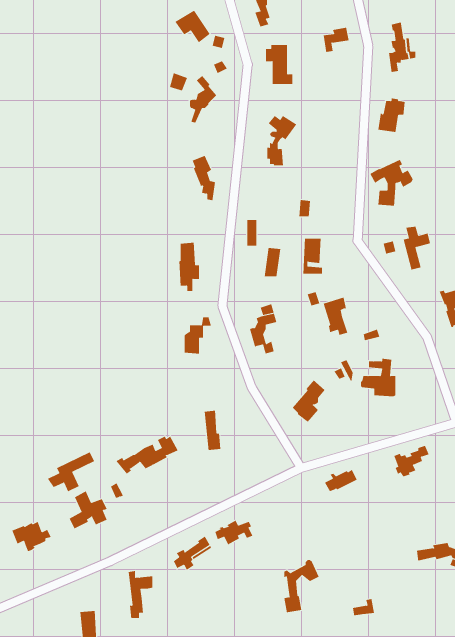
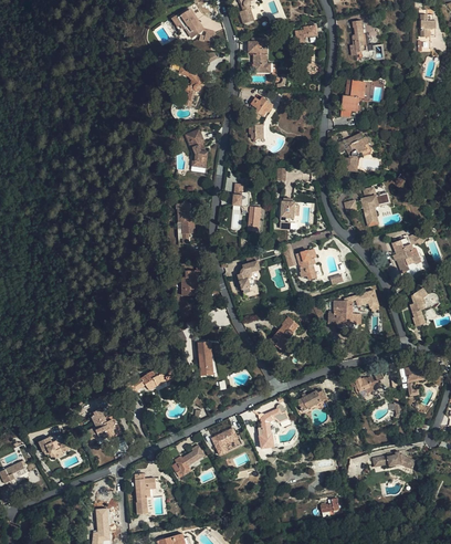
building: [47,451,95,492] -> none
building: [284,559,320,613] -> [259,404,289,448]

